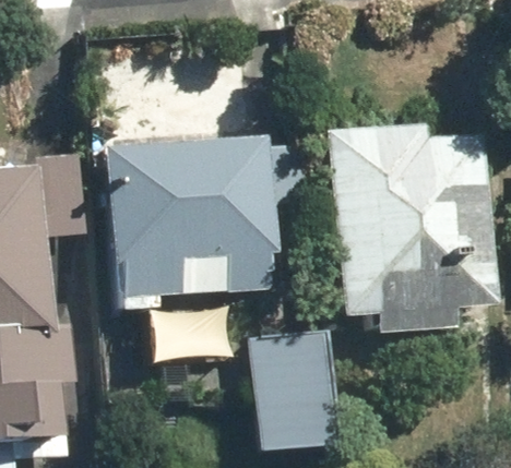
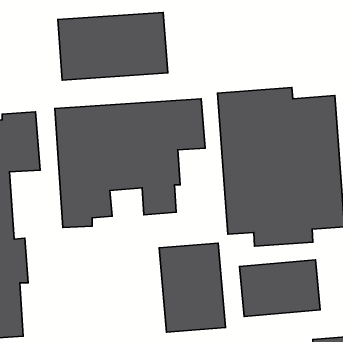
building: none -> [58,12,168,80]
building: none -> [239,260,320,316]

